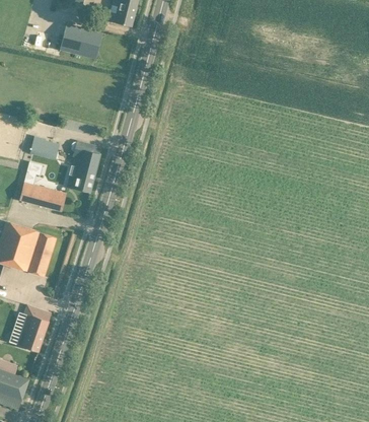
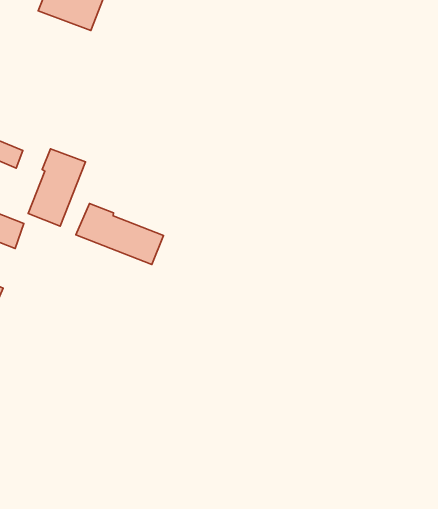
building: none -> [76,203,163,265]

